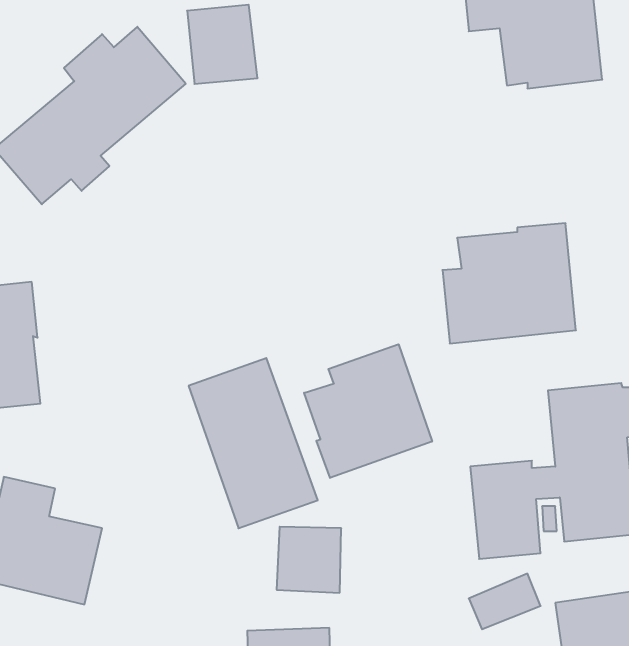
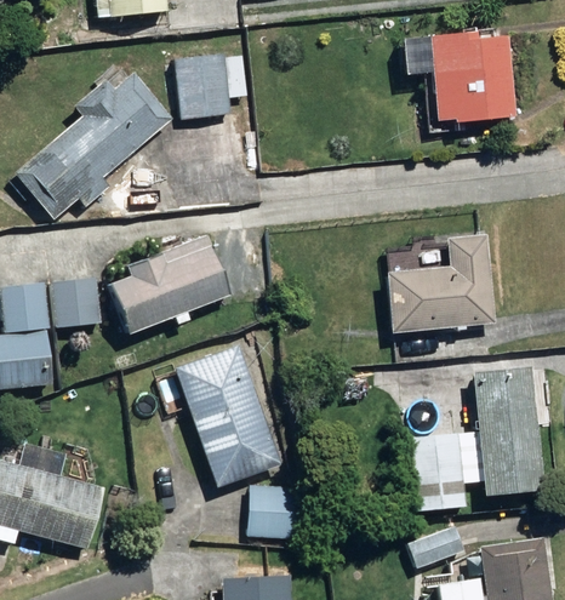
building: none -> [108,234,230,335]
building: none -> [51,278,101,327]
building: [304,344,432,478] -> none

